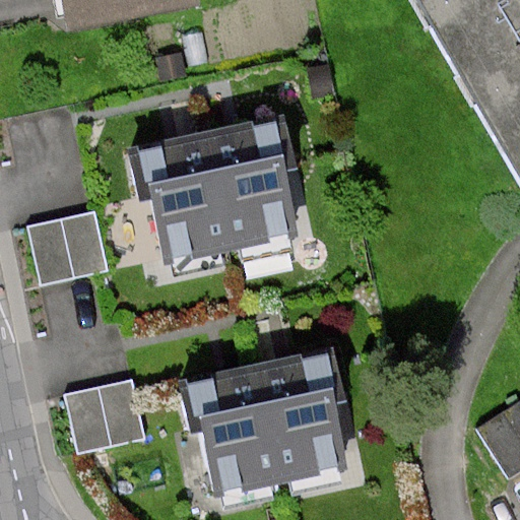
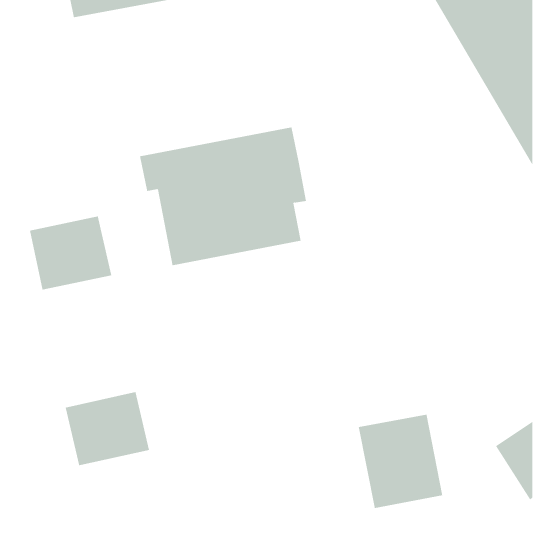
building: [181,353,344,490] -> none
building: none -> [358,414,443,509]

